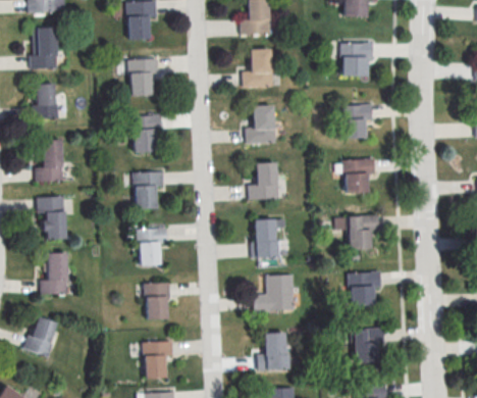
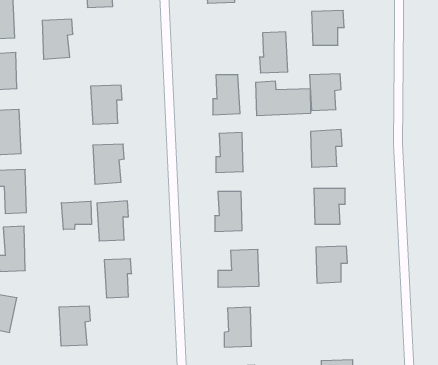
building: [245,48,272,88] -> [259,32,288,73]
building: [128,59,158,98] -> [42,19,73,59]
building: none -> [256,81,310,116]
building: none -> [61,201,92,230]
building: [353,328,382,363] -> none
building: [142,341,172,380] -> [59,306,90,346]

